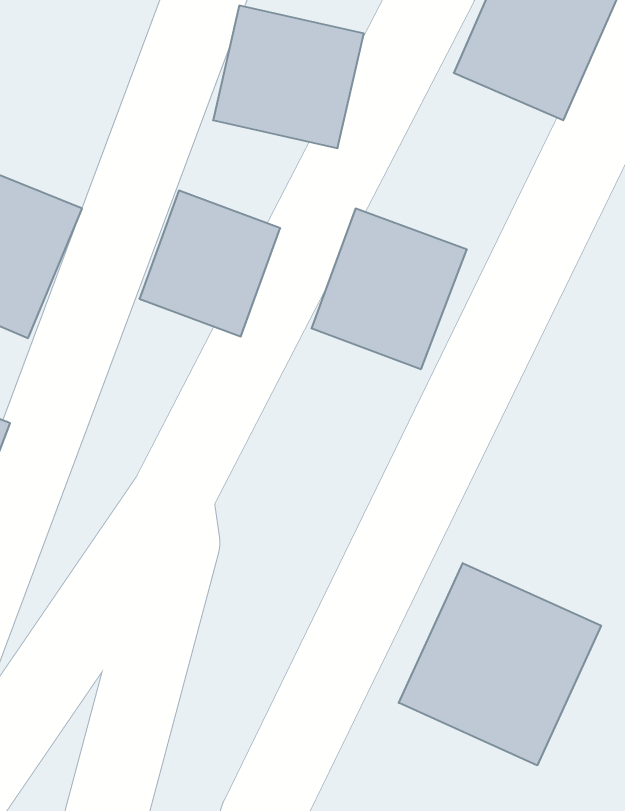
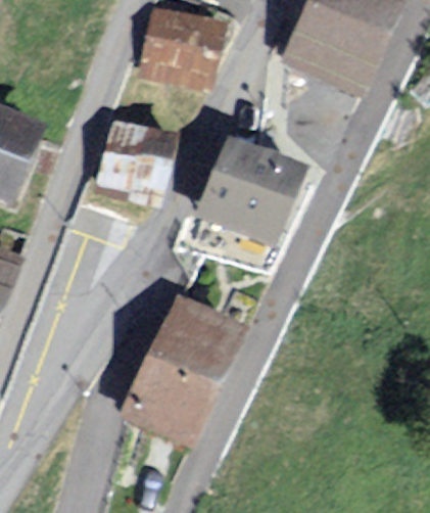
building: none -> [125,291,238,429]
building: [399,563,601,765] -> none

